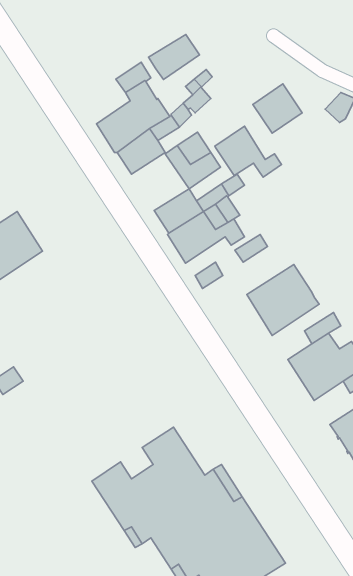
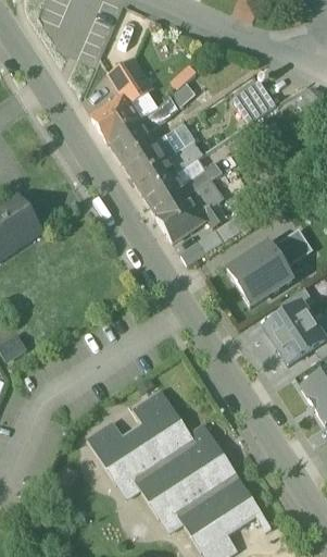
building: [148,34,199,79] -> none
building: [215,126,281,177] -> none
building: none -> [122,141,175,194]
building: none -> [272,228,313,268]

